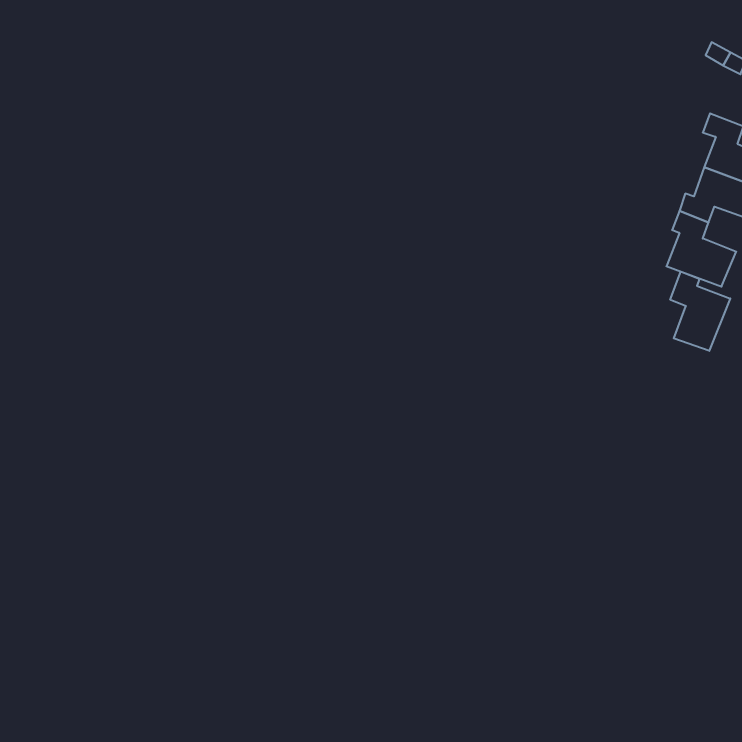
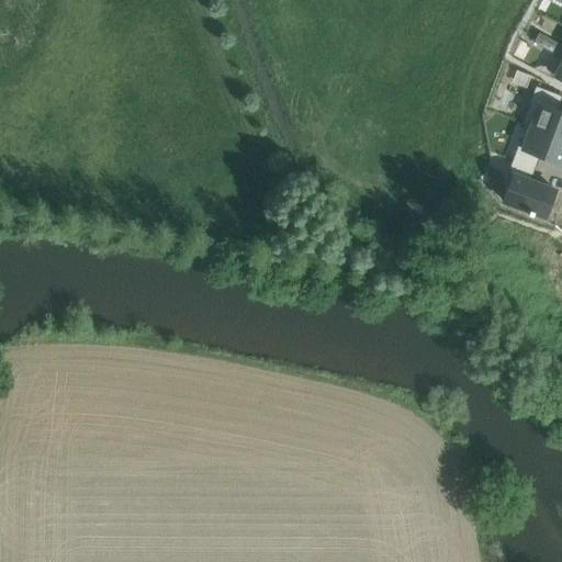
building: [670,272,730,351] -> none

